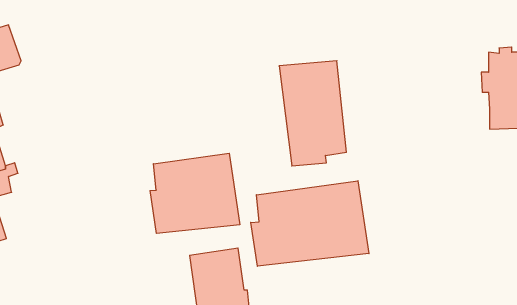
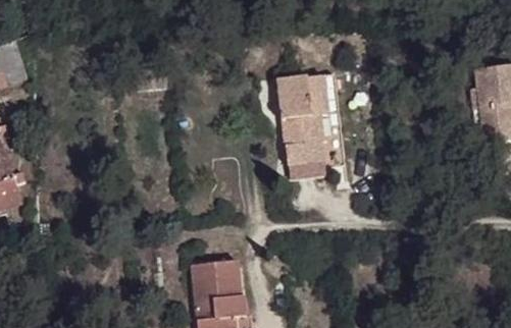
building: [150,153,240,233] -> none
building: [251,181,369,266] -> none

